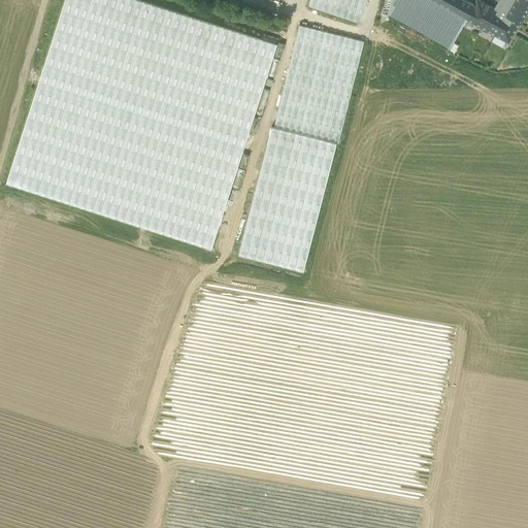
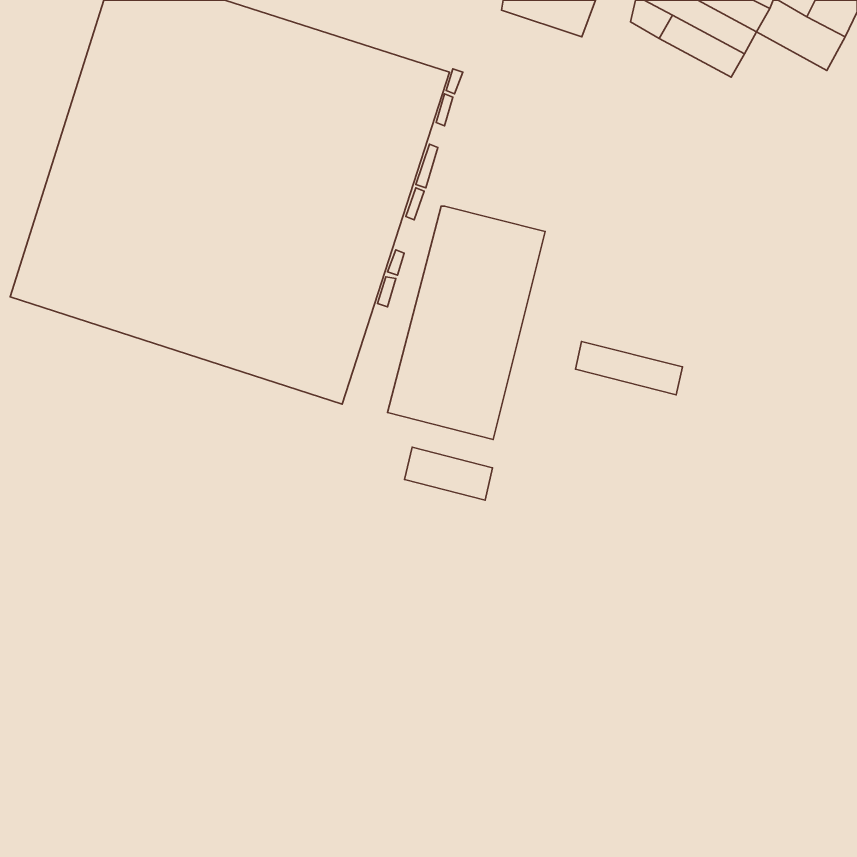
building: [273,25,364,143] -> none
building: none -> [575,341,682,395]
building: none -> [405,447,493,500]

